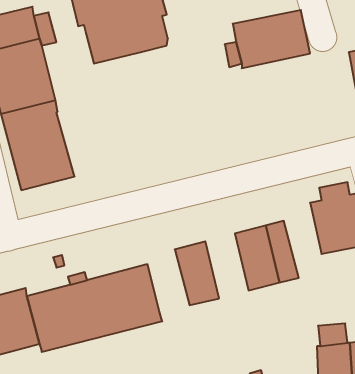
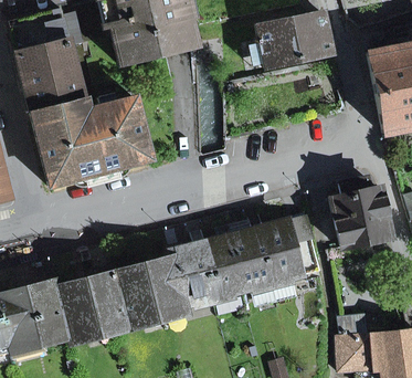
building: none -> [85,94,152,172]
building: none -> [230,228,272,291]
building: none -> [171,243,214,305]

